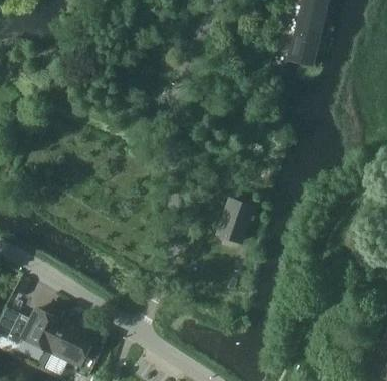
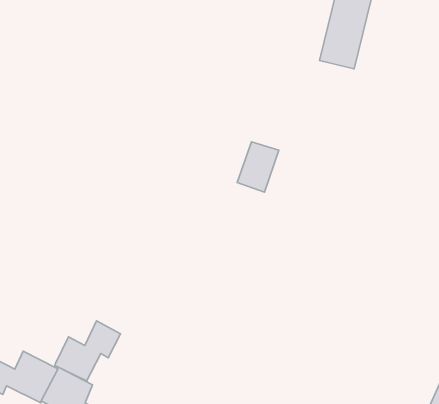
building: [217,199,252,241] -> [237,142,279,192]
building: none -> [55,321,121,381]

